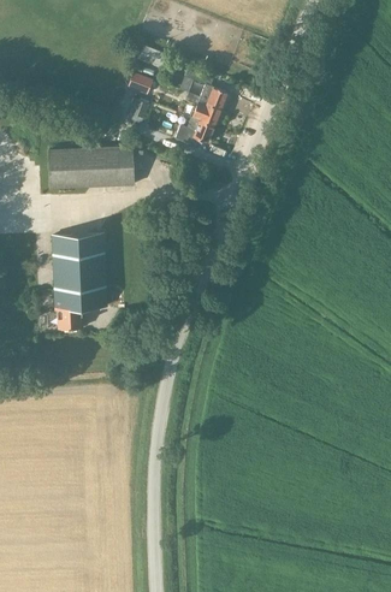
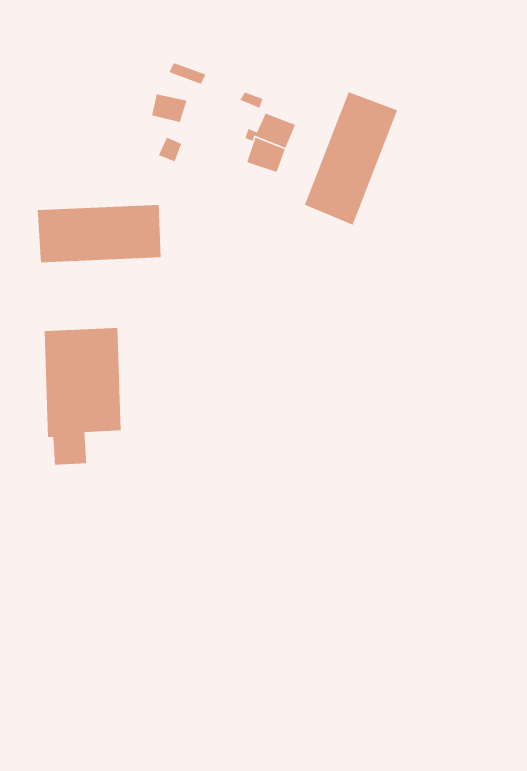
building: none -> [304,91,398,226]
building: [176,122,215,148] -> none

